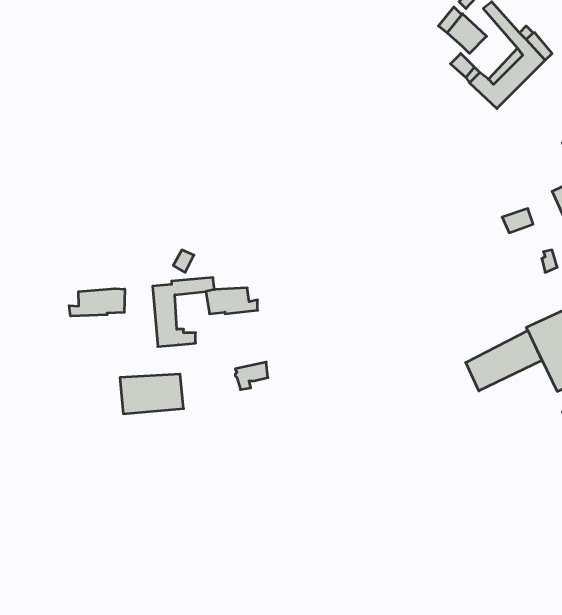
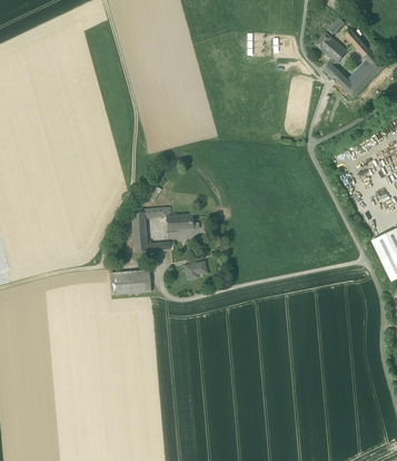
building: [69,289,125,316] -> none
building: [466,331,542,391] -> none

